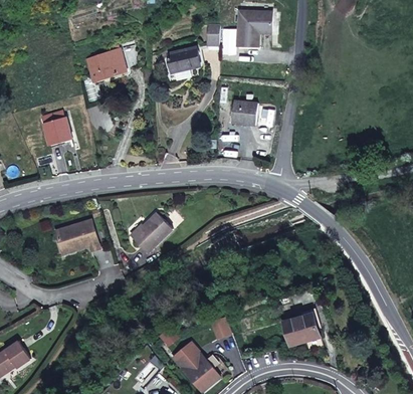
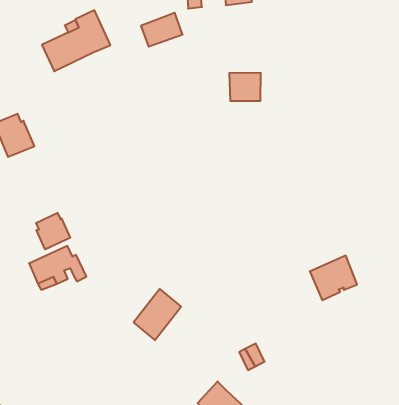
building: none -> [36,213,70,249]
building: [132,213,171,253] -> [134,289,181,340]
building: [282,313,319,346] -> [310,255,357,300]

